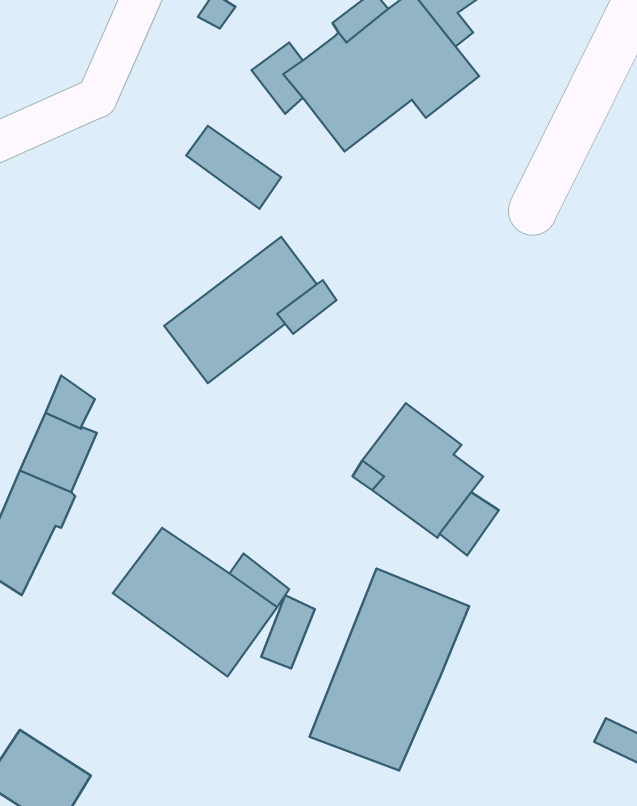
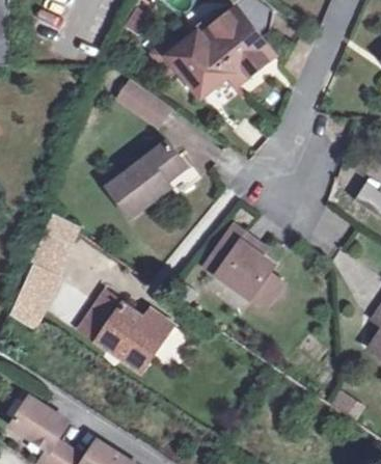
building: [309,569,469,770] -> none

